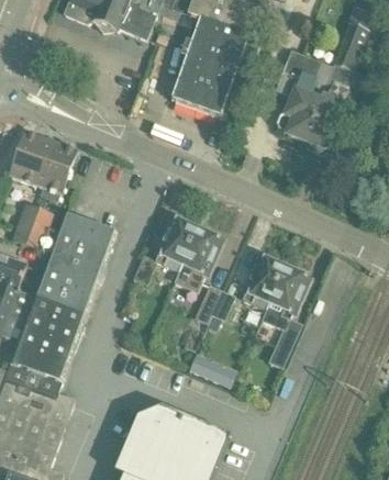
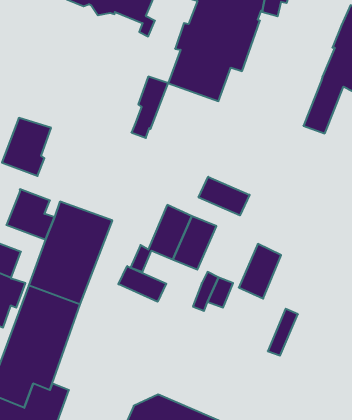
building: [275,49,323,141] -> none
building: [38,143,75,203] -> [131,77,168,138]
building: none -> [199,177,250,215]
building: [264,268,305,321] -> none
building: none -> [118,266,166,302]
building: [188,353,237,389] -> none

